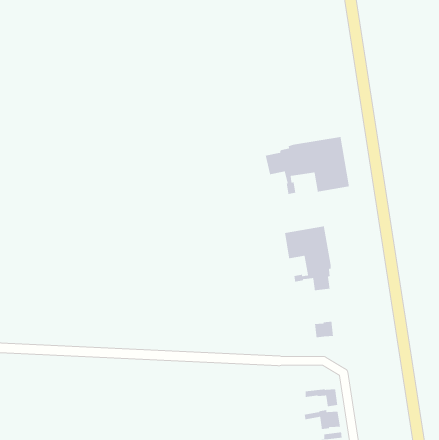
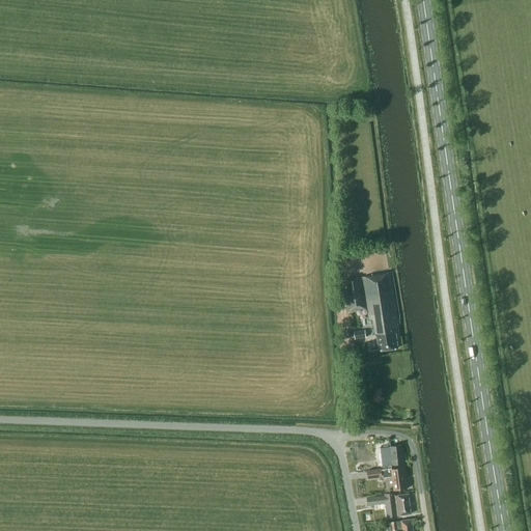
building: [265,136,350,195] -> none
building: [314,321,334,338] -> [381,445,404,466]

